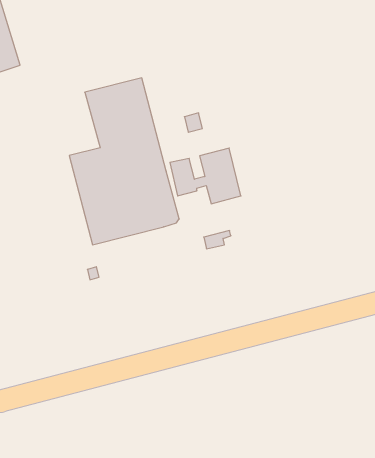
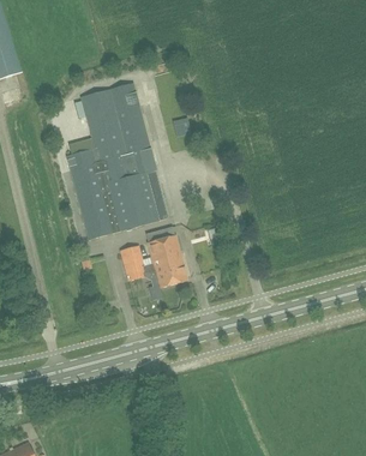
building: [170,148,241,204] -> [120,235,186,287]

